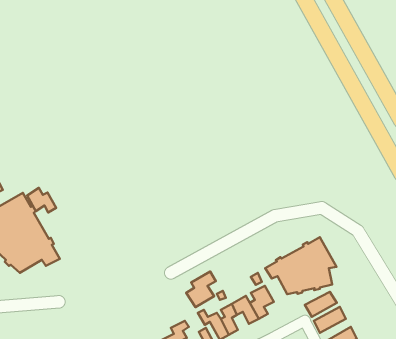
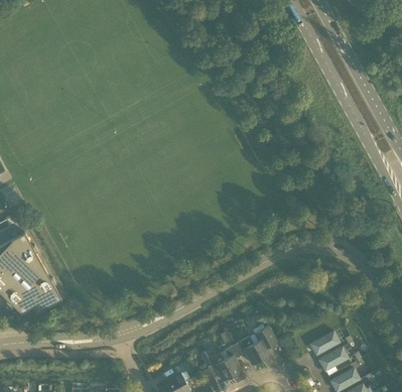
building: [27,188,56,212] -> none
building: [265,237,336,294] -> none
building: [186,271,216,307] -> none

